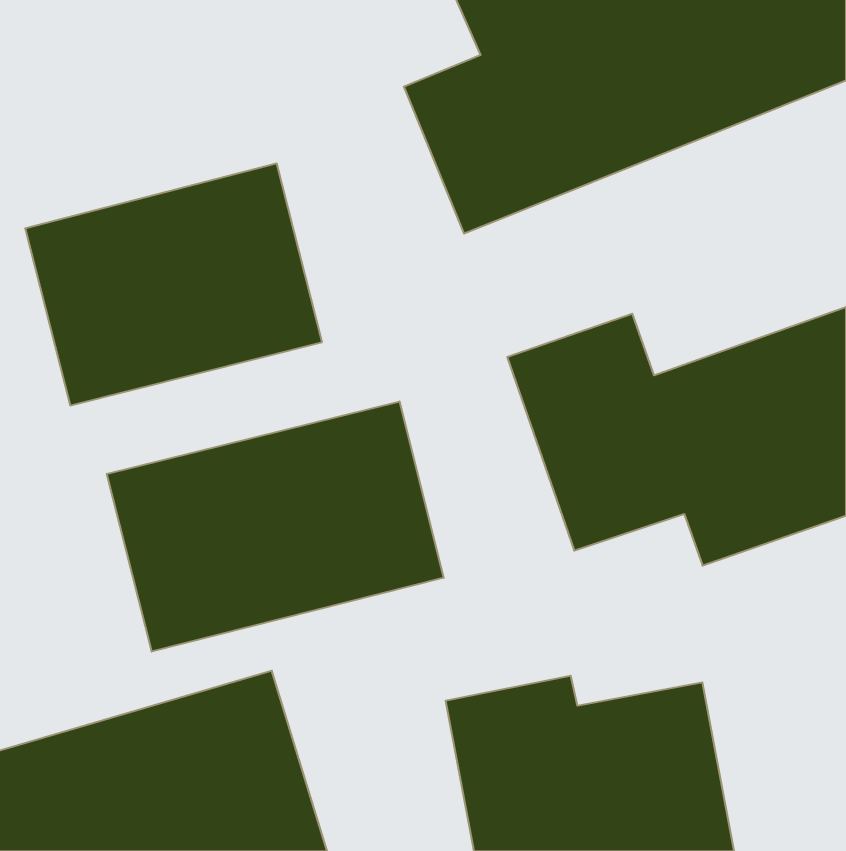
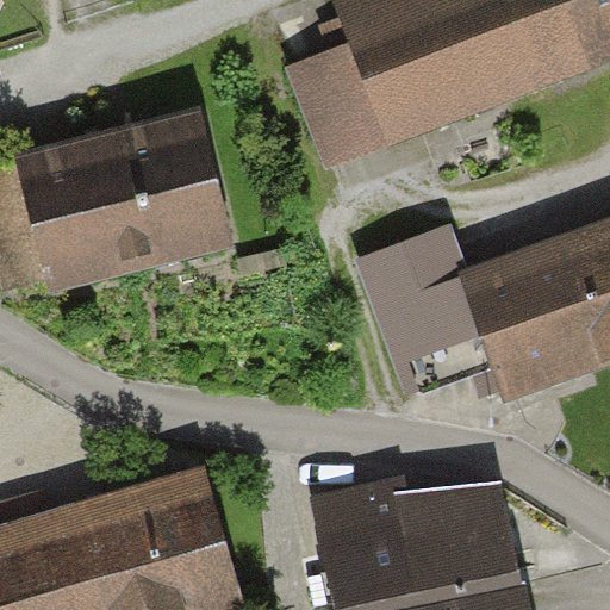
building: [107,401,444,652] -> none

